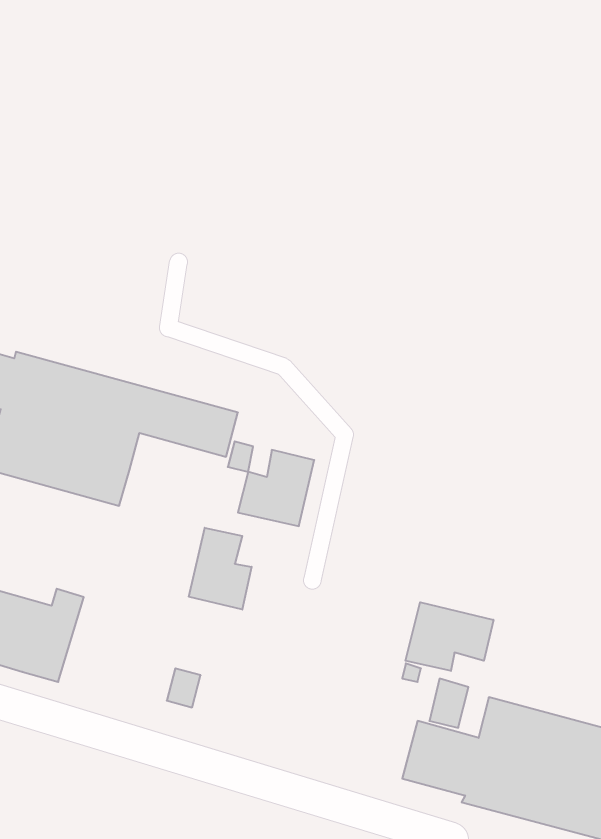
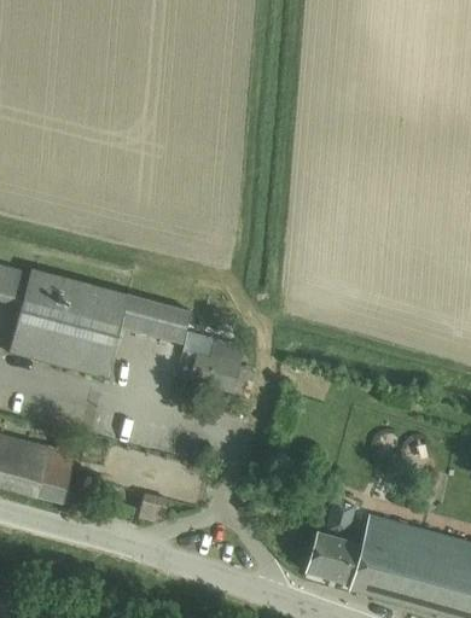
building: [189,528,252,610] -> none
building: [405,602,493,671] -> none

